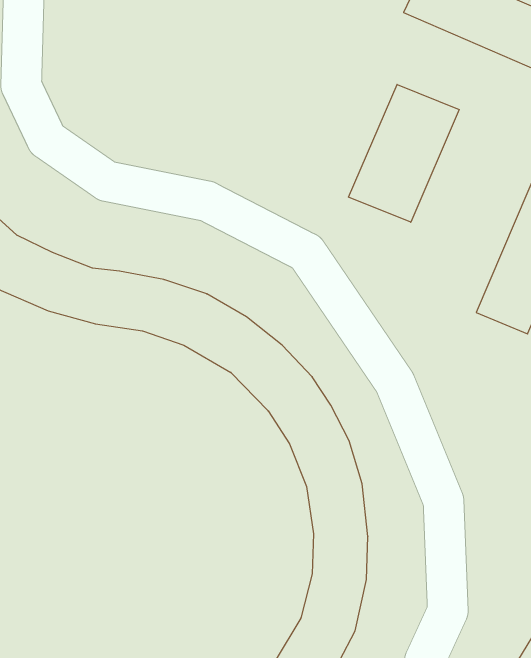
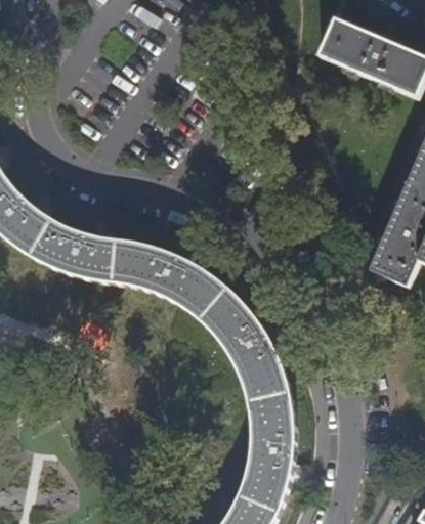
building: [348,84,459,222] -> none

